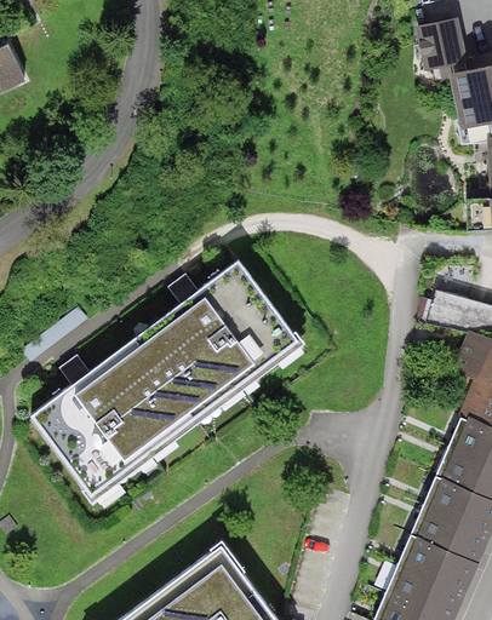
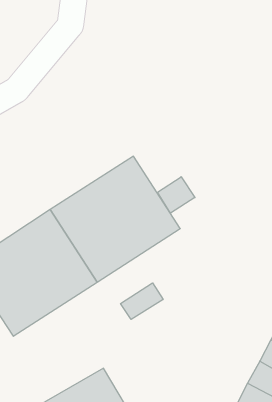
building: none -> [158,177,195,213]
building: none -> [121,283,163,319]

